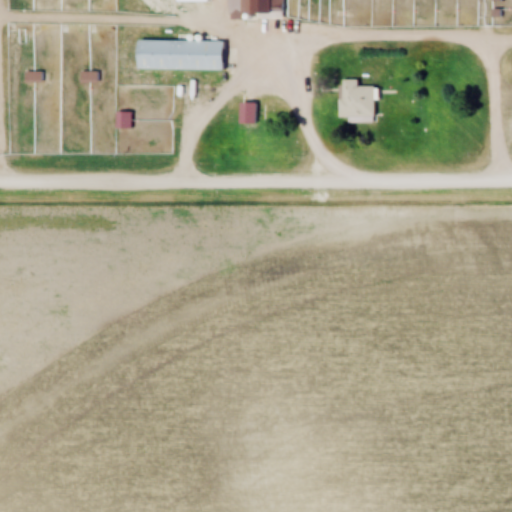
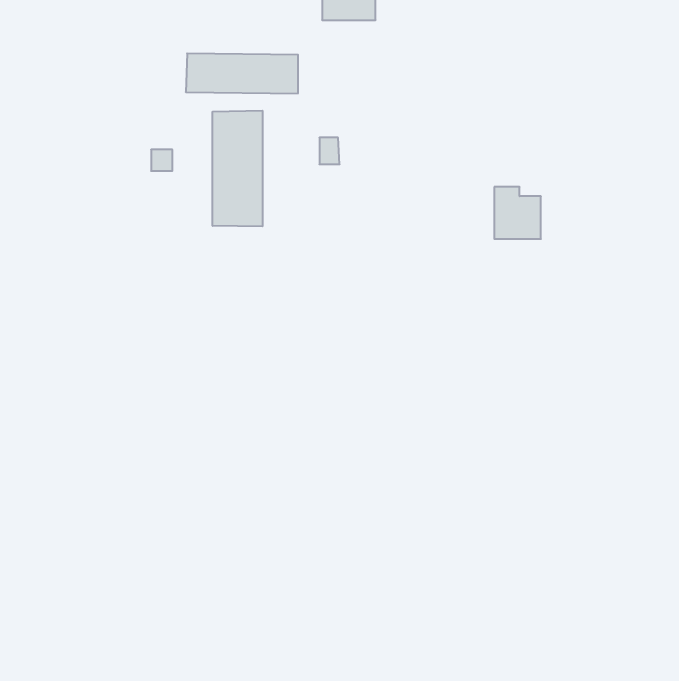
building: [338,79,373,118] -> [494,187,541,239]
building: none -> [213,111,262,226]

